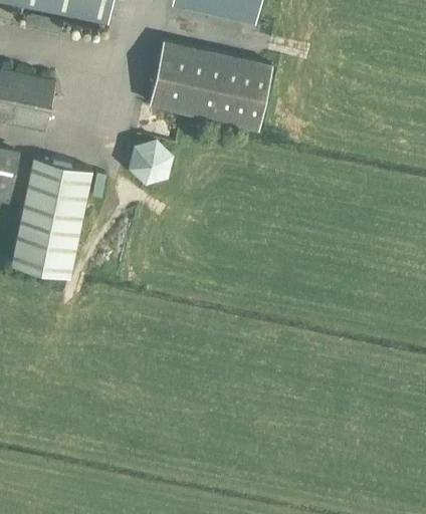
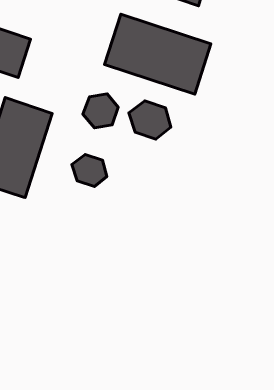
building: none -> [129,101,171,139]
building: none -> [72,155,107,187]

